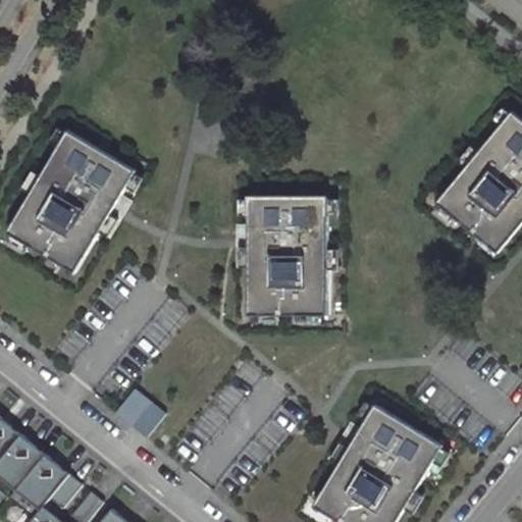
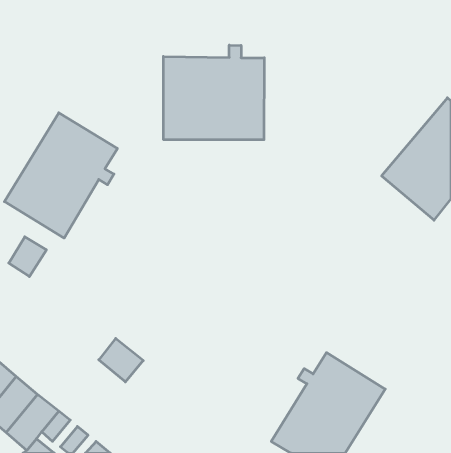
building: none -> [163,45,264,140]
building: [236,197,326,316] -> none
building: none -> [9,237,46,277]

